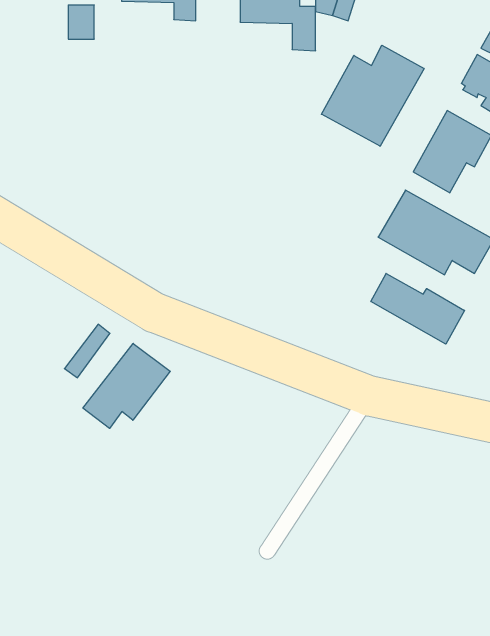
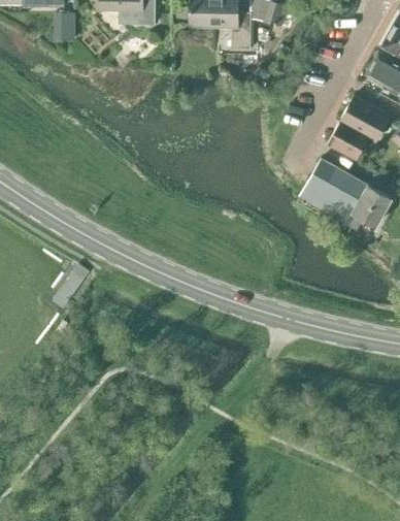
building: [321,45,424,146] -> none
building: [371,273,465,344] -> none
building: [83,343,170,428] -> none

